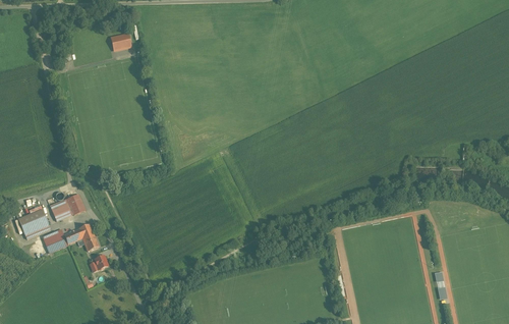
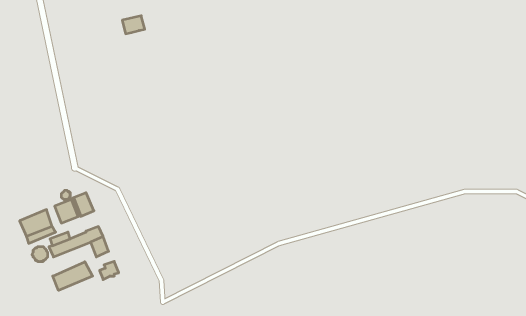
building: none -> [53,262,93,290]

